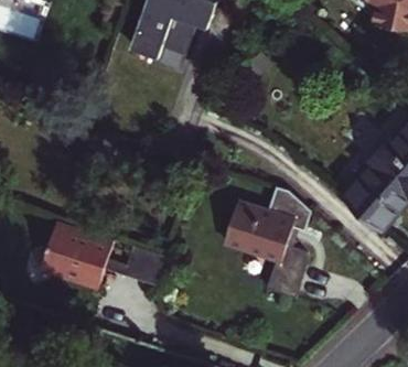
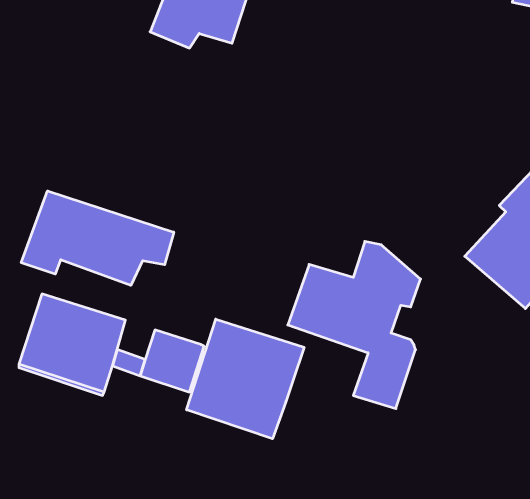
building: none -> [21,191,174,285]
building: none -> [187,319,304,439]

